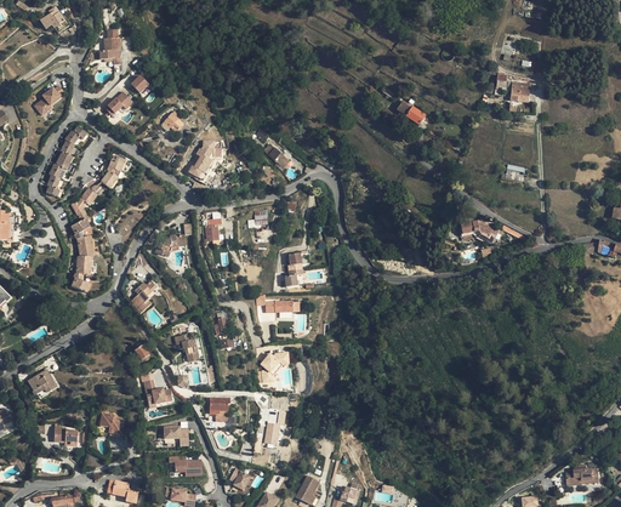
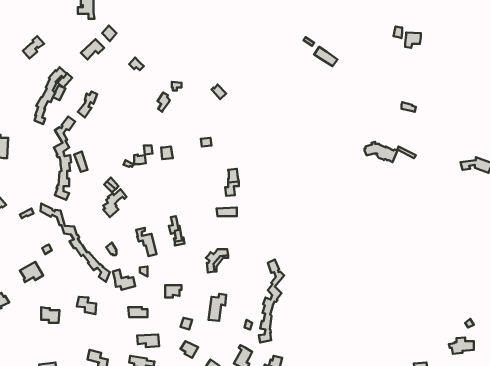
building: none -> [40,204,110,282]
building: none -> [259,259,284,343]

